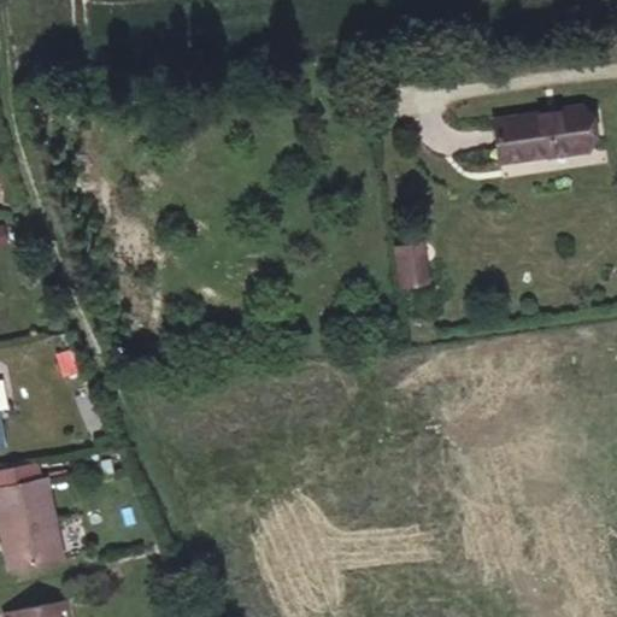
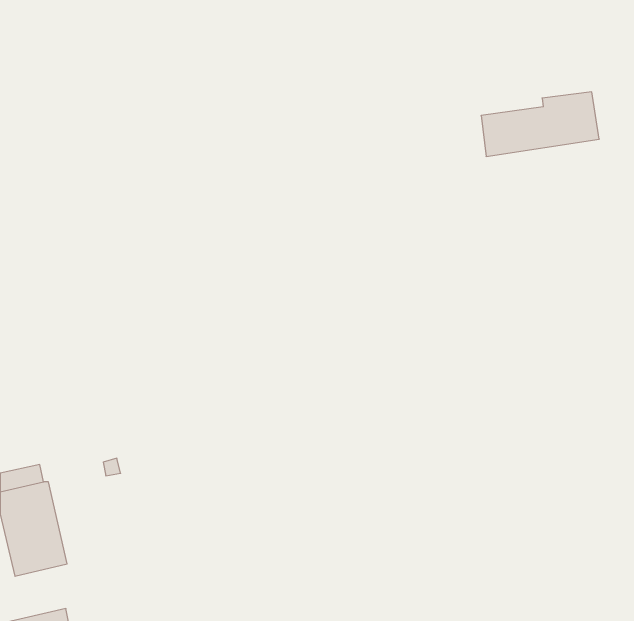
building: [393,251,427,295] -> none

